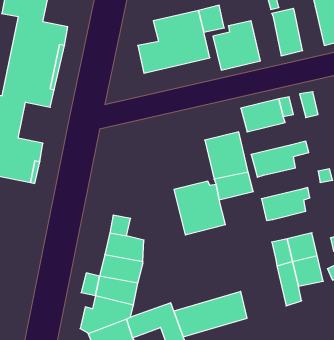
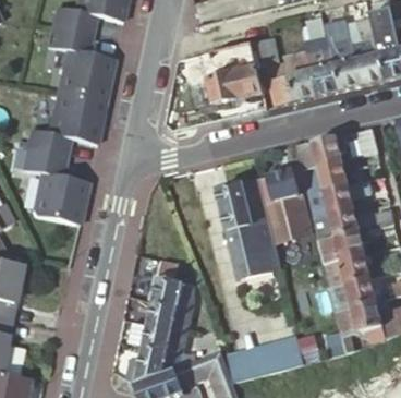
building: none -> [354,37,386,84]
building: none -> [306,38,340,95]
building: none -> [304,160,350,194]
building: none -> [217,179,271,231]
building: none -> [315,208,361,241]
building: none -> [327,254,373,287]

